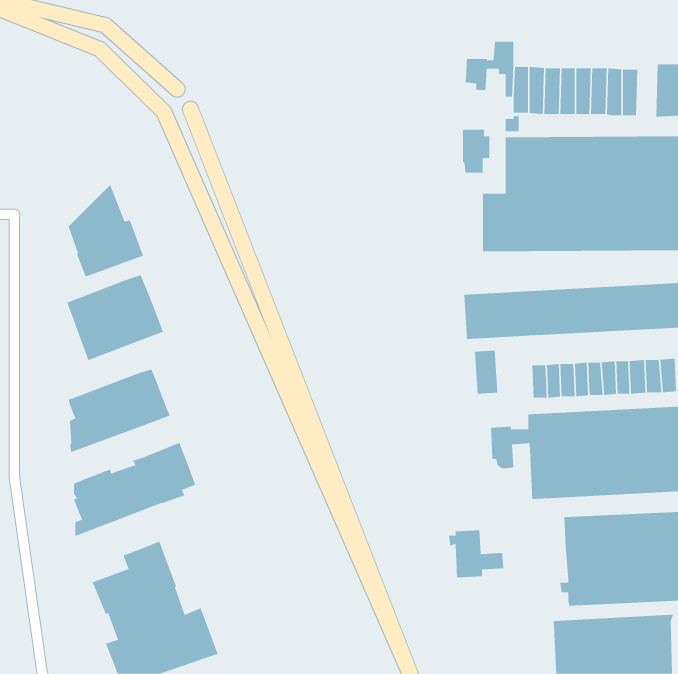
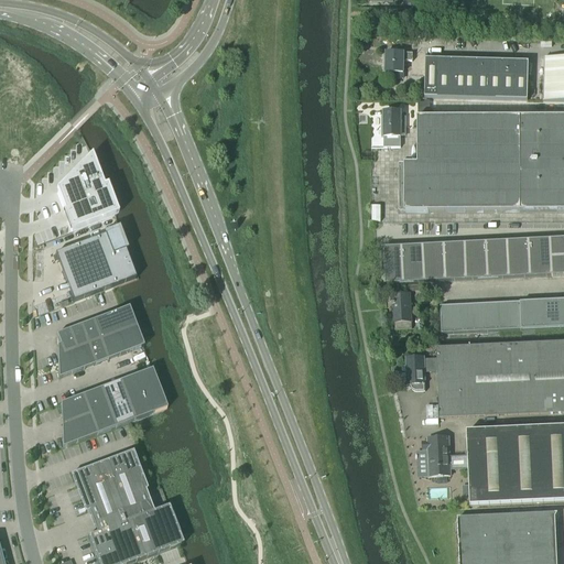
building: [448,530,504,578] -> [424,433,470,473]

